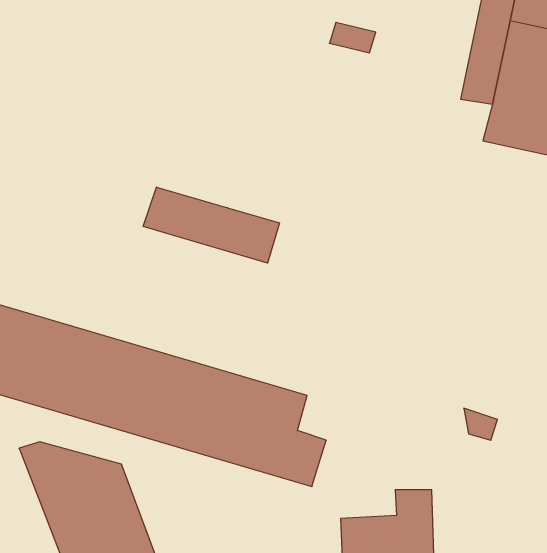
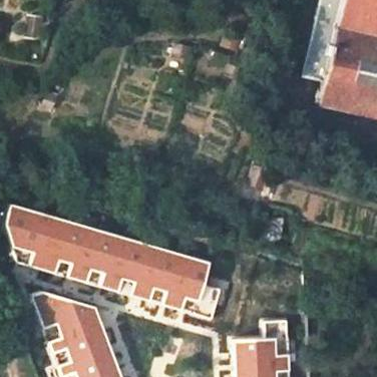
building: [143,187,280,263] -> none

